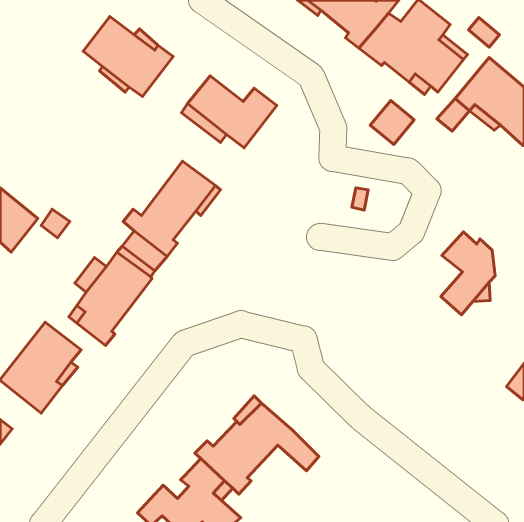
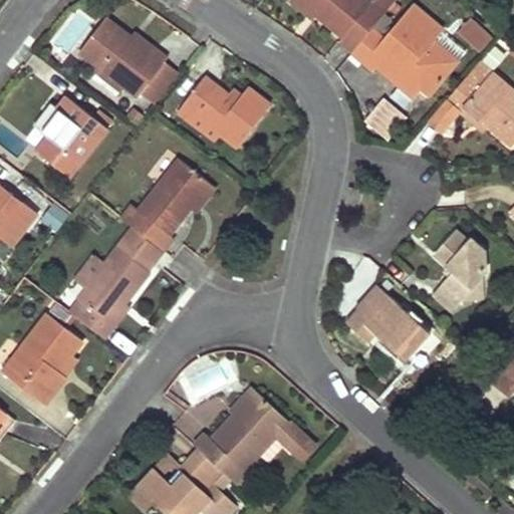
building: none -> [37,98,111,180]
building: none -> [346,284,431,359]
building: none -> [128,457,185,504]

